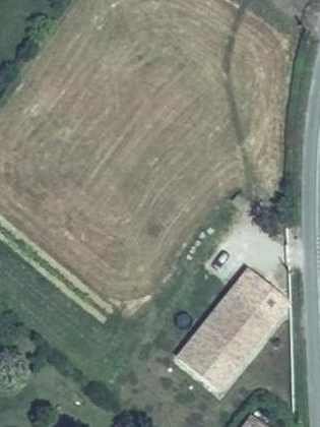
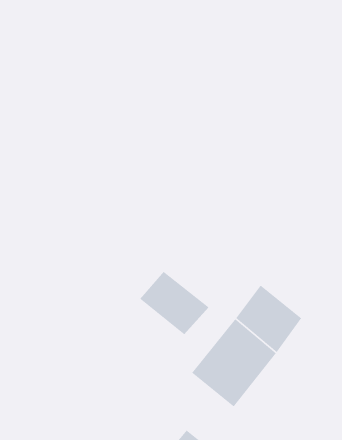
building: none -> [139,271,209,335]

